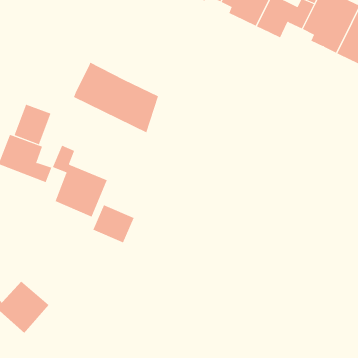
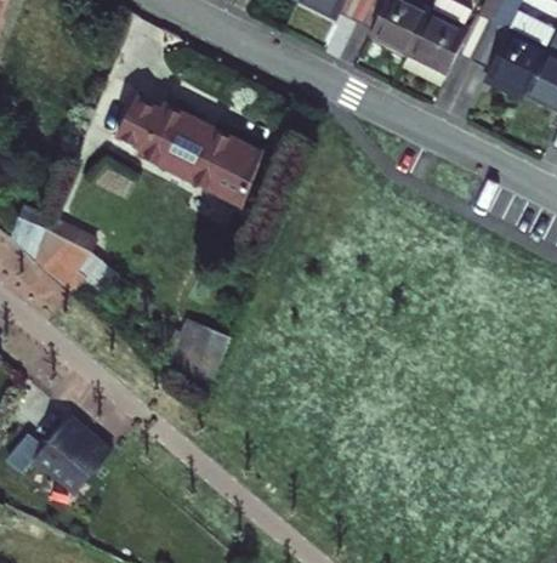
building: none -> [120,101,165,152]
building: [14,104,51,145] -> none
building: [52,145,107,218] -> none

